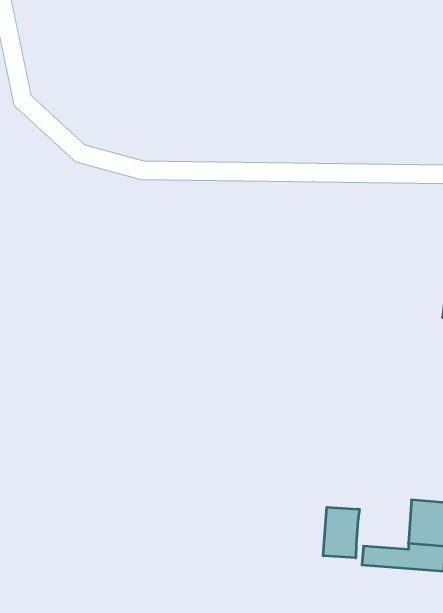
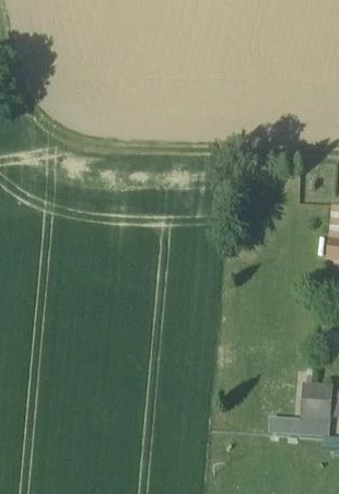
building: [323,507,359,558] -> none

